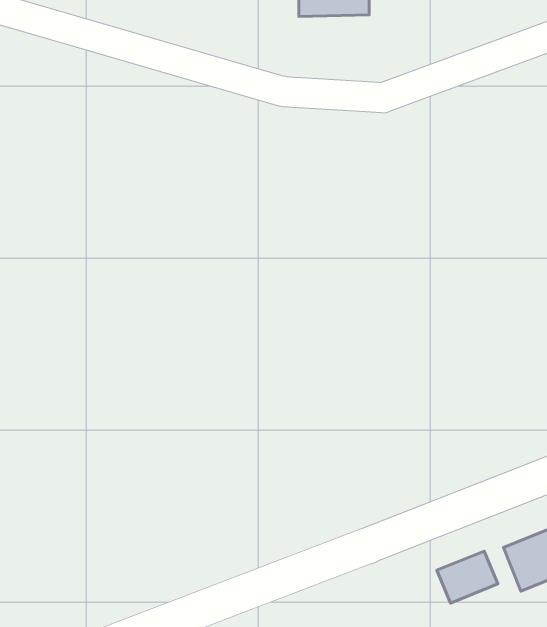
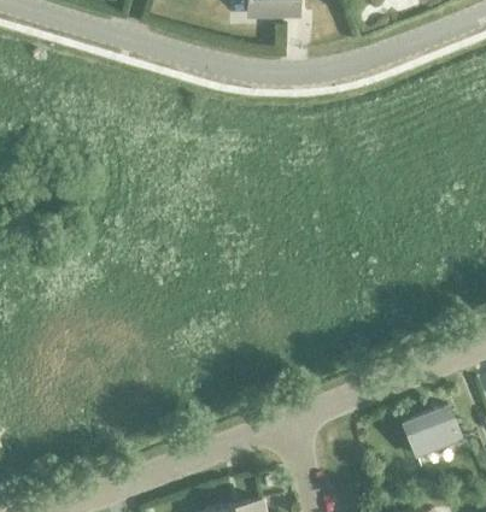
building: [437,551,498,603] -> none

